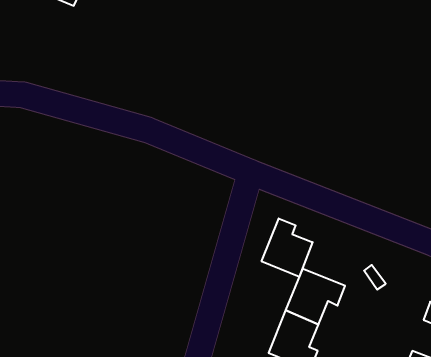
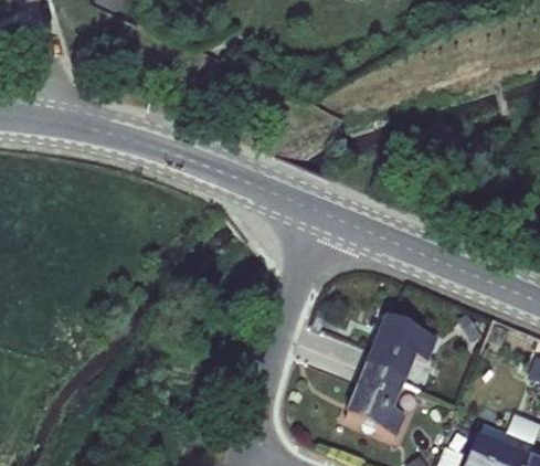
building: [262,218,313,277] -> none

